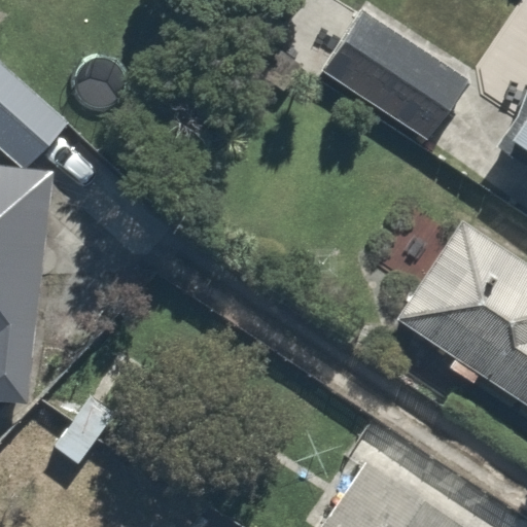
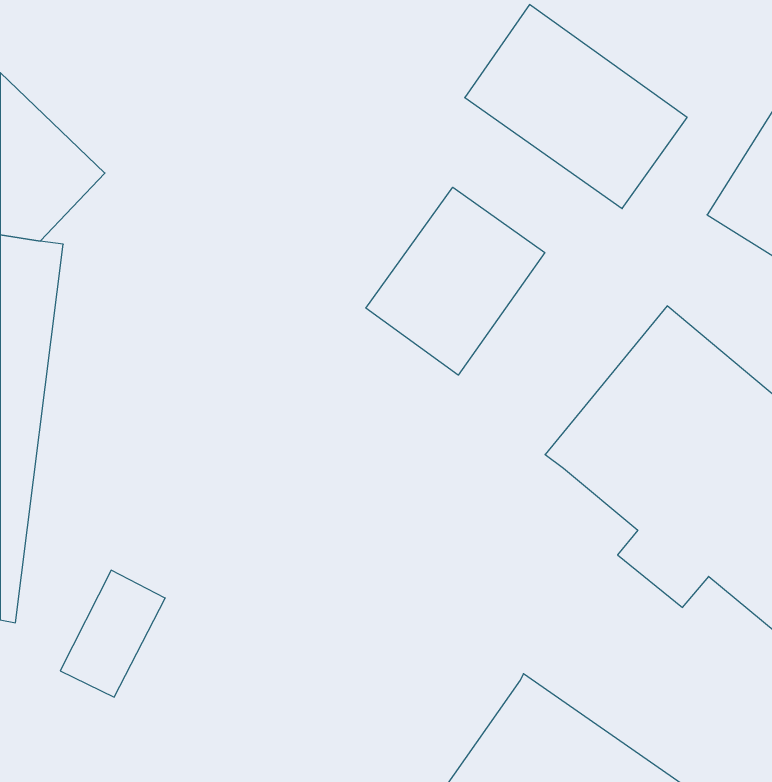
building: none -> [366,187,545,375]

